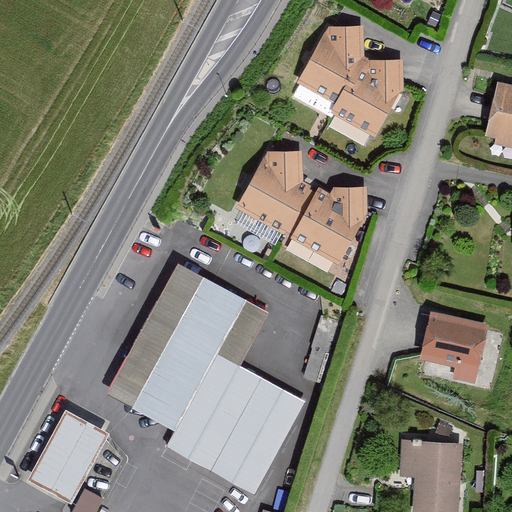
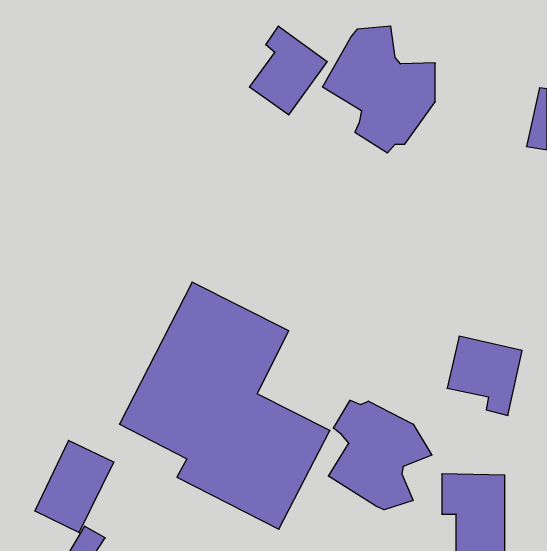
building: none -> [249,26,327,115]
building: [239,152,367,264] -> none
building: none -> [328,400,432,510]

